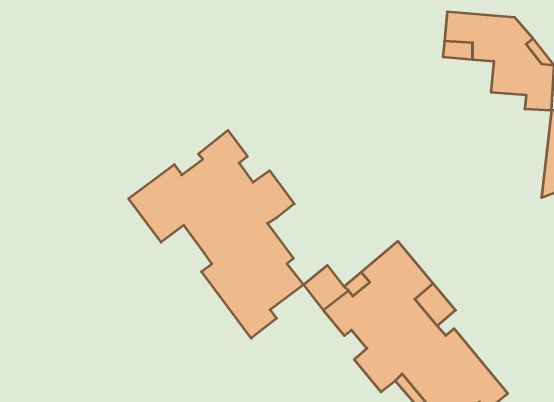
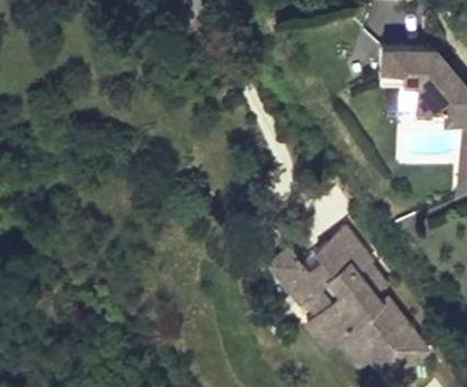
building: [129,130,303,338] -> none

